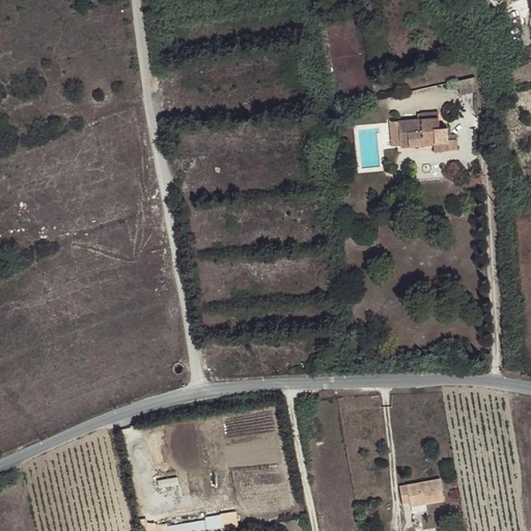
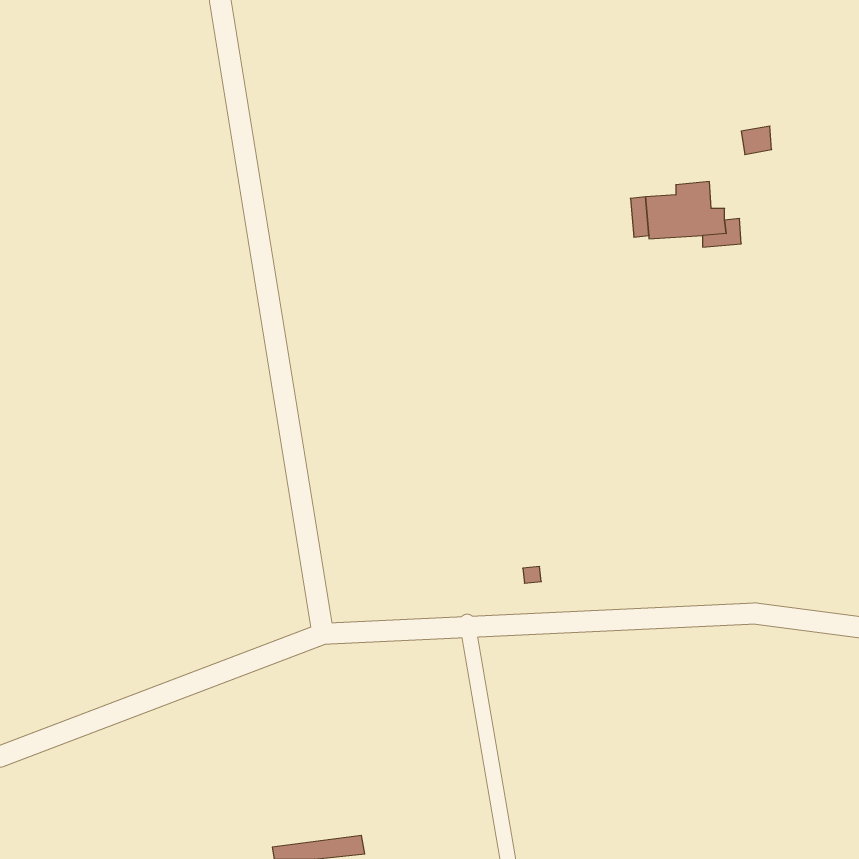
building: [399,479,443,511] -> none

